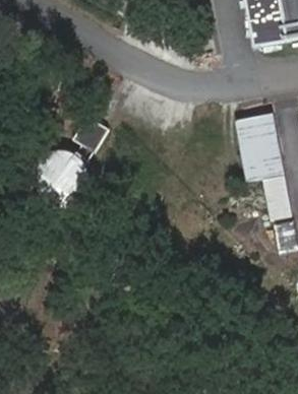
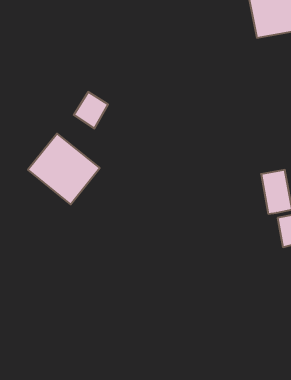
building: [248,114,283,175] -> none

